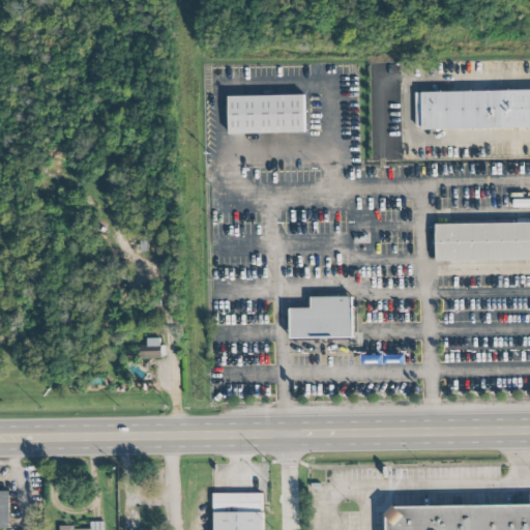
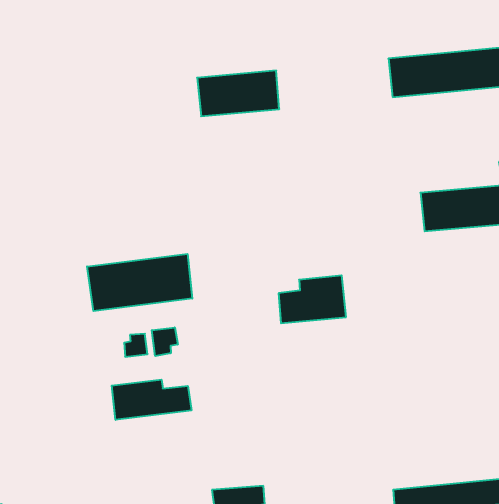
building: none -> [87,254,192,311]
building: none -> [152,327,178,356]
building: none -> [112,380,191,420]

